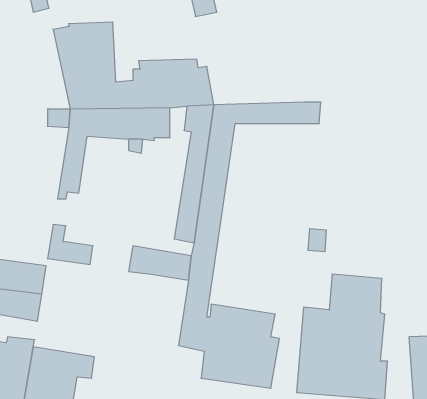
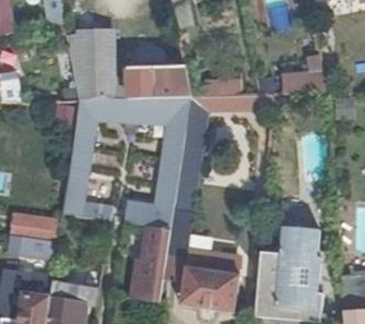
building: none -> [281,55,327,93]
building: none -> [137,225,170,301]

